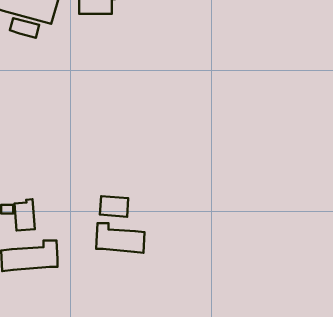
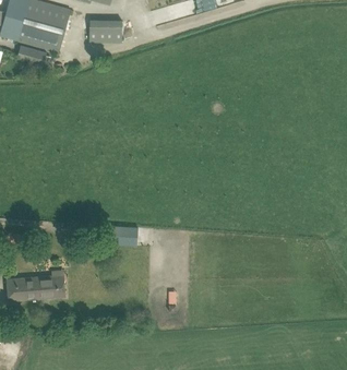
building: [14,199,35,231] -> none
building: [96,223,145,253] -> none

